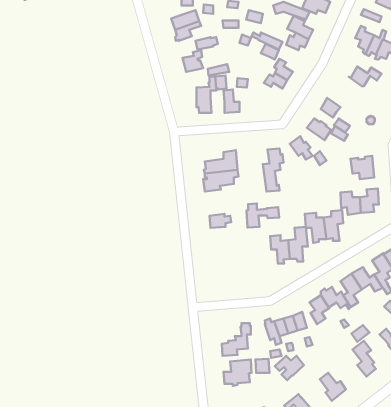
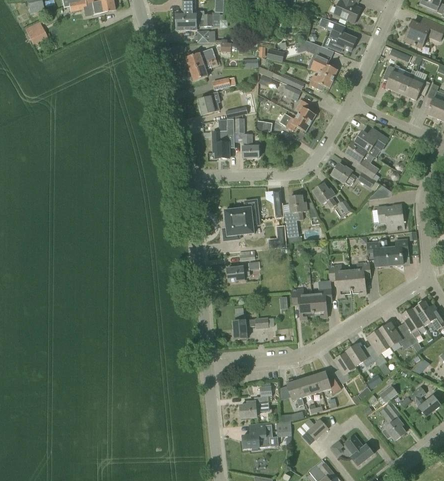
building: [349,66,382,86] -> [353,130,388,151]
building: [246,203,279,228] -> [233,312,268,338]

